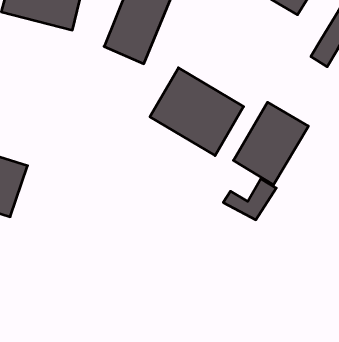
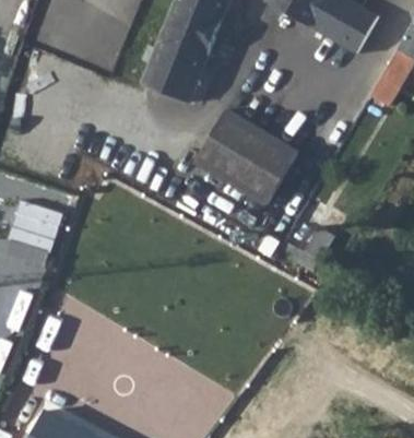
building: [233,102,308,185] -> none

